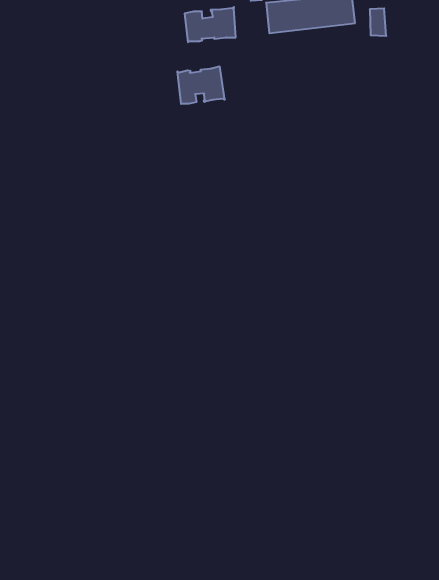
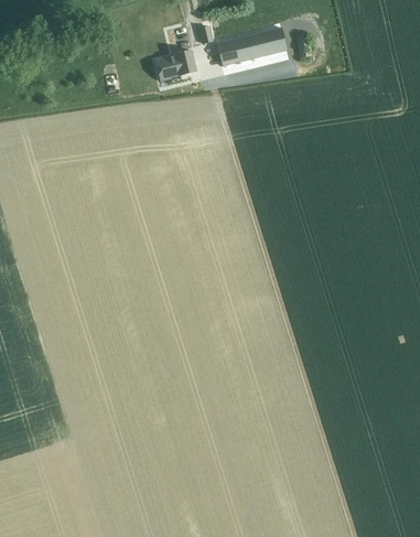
building: [177,66,225,104] -> none

